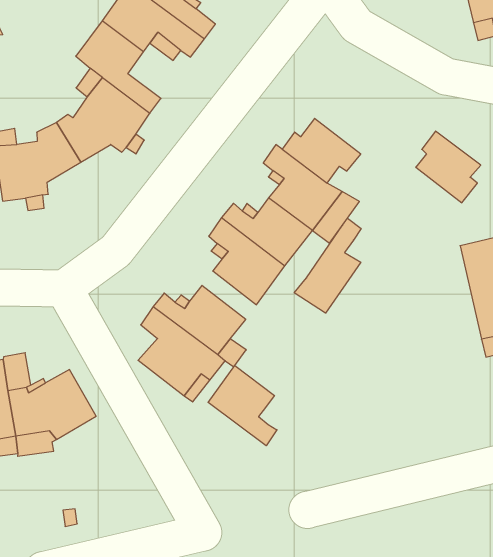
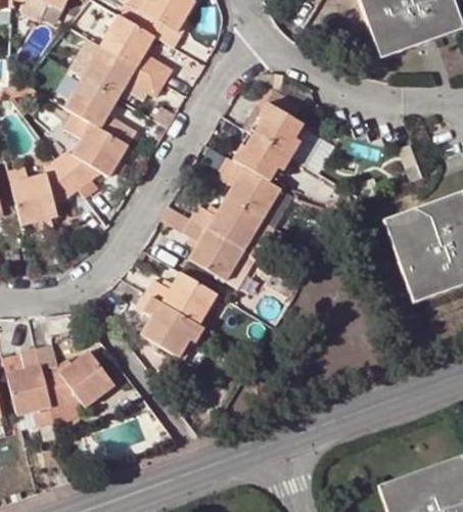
building: [416,131,481,203] -> [256,103,306,156]
building: [294,218,361,313] -> none
building: [208,365,277,446] -> none

